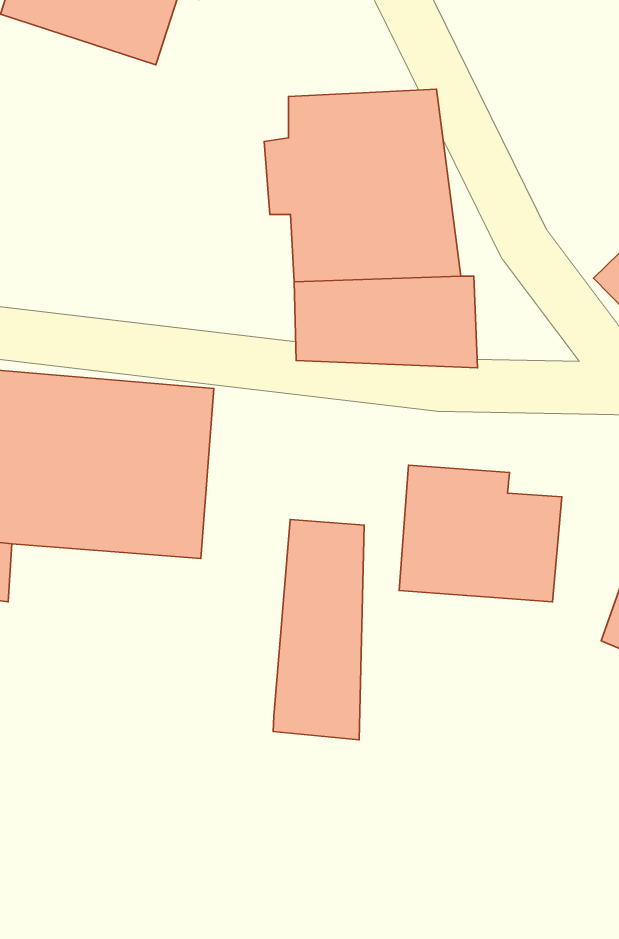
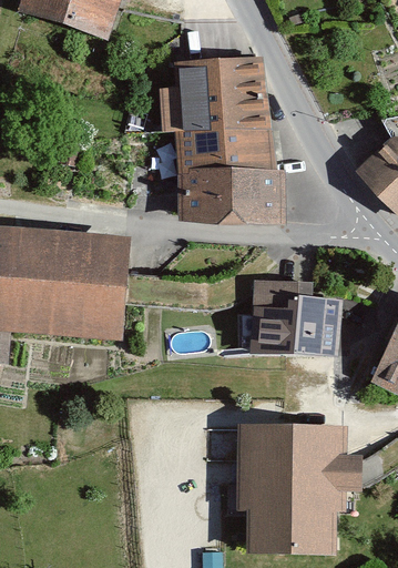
building: [273,520,364,740] -> none
building: none -> [227,426,359,555]

